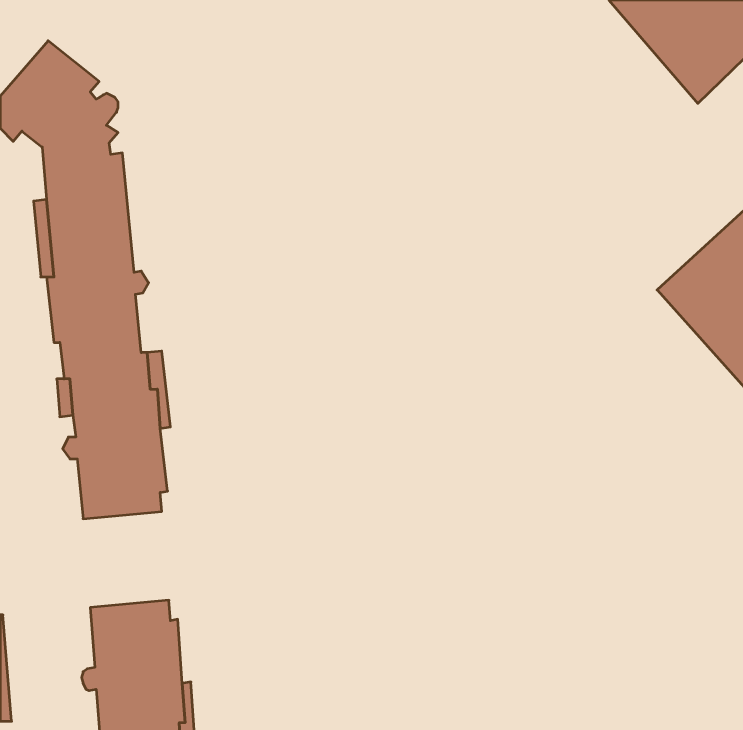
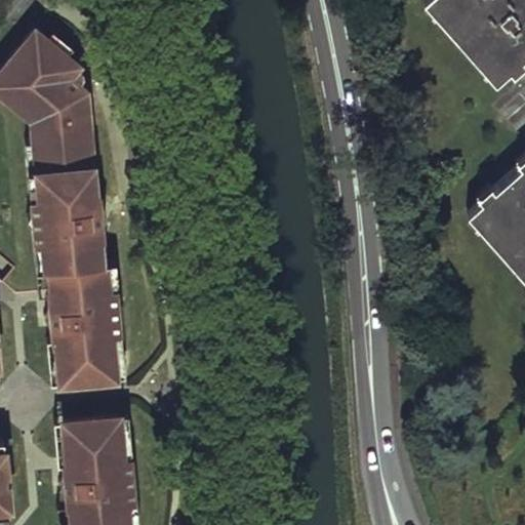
building: none -> [59,356,126,391]
building: none -> [63,418,130,447]

